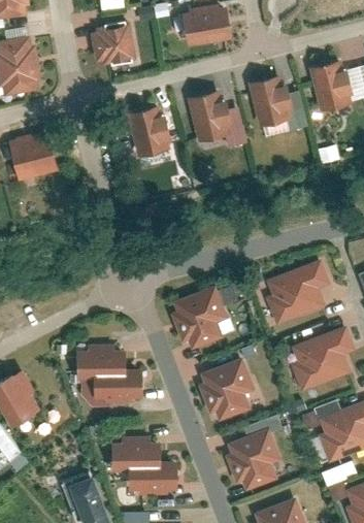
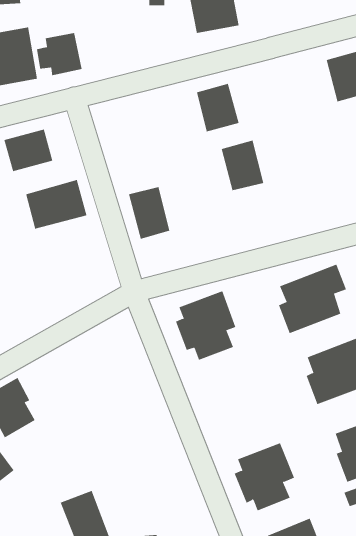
building: [93,26,136,66] -> [36,32,83,76]
building: [249,76,289,124] -> [221,140,264,191]
building: [129,106,168,156] -> [128,186,170,240]
building: none -> [26,179,87,229]
building: [77,345,143,403] -> none
building: [198,358,255,422] -> none
building: [112,437,178,496] -> none

